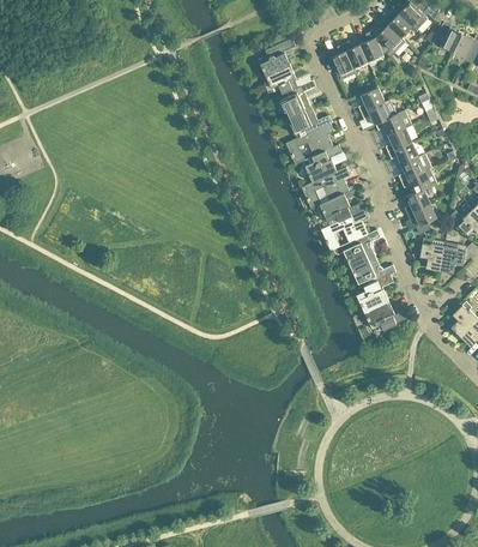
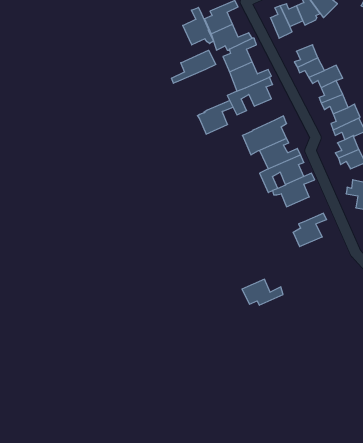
building: none -> [183,7,213,45]
building: none -> [172,50,216,83]
building: [303,145,343,182] -> [197,101,233,134]
building: [350,257,397,284] -> none
building: [364,301,410,330] -> [242,279,283,305]

